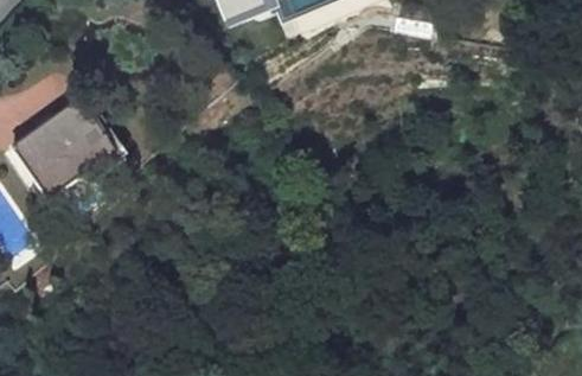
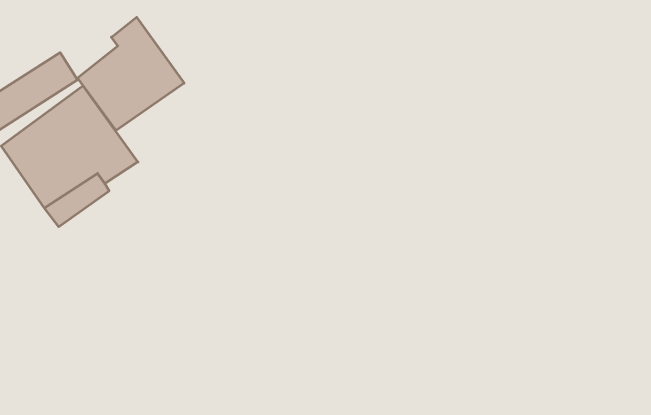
building: none -> [77,17,184,130]

